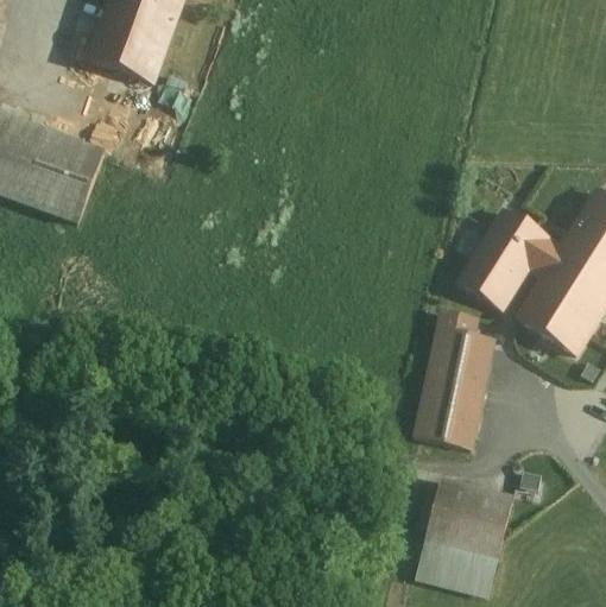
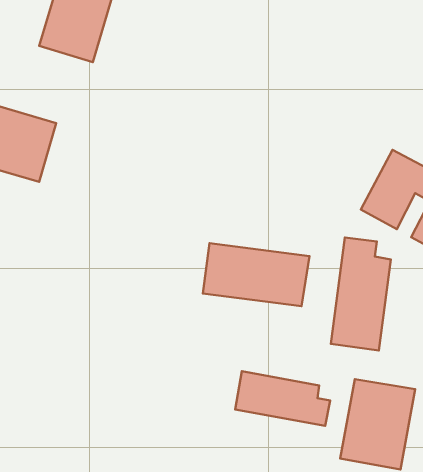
building: none -> [203,243,309,306]
building: none -> [235,371,330,426]

